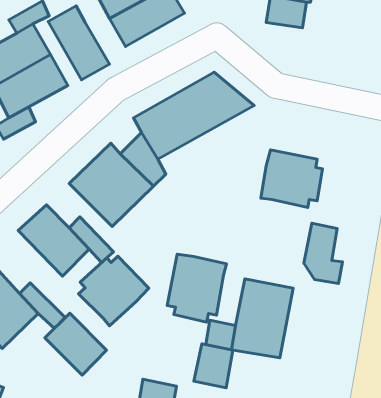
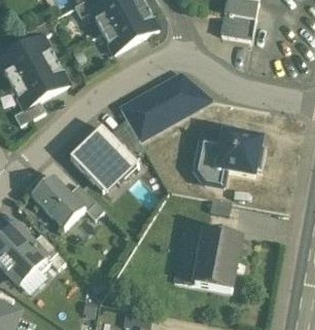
building: [48,6,109,80] -> none
building: [304,223,343,283] -> [196,141,225,187]
building: [167,254,226,322] -> none
building: [79,256,149,326] -> none
building: [45,313,107,375] -> none
building: [194,344,233,388] -> none

